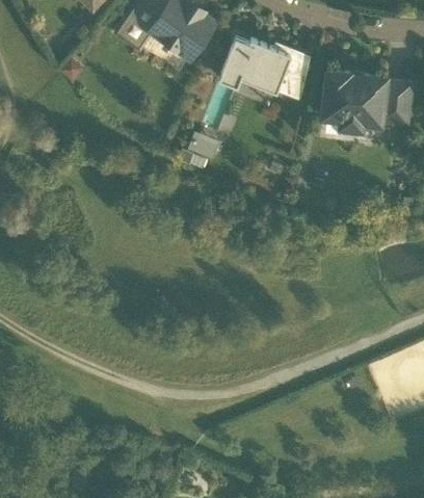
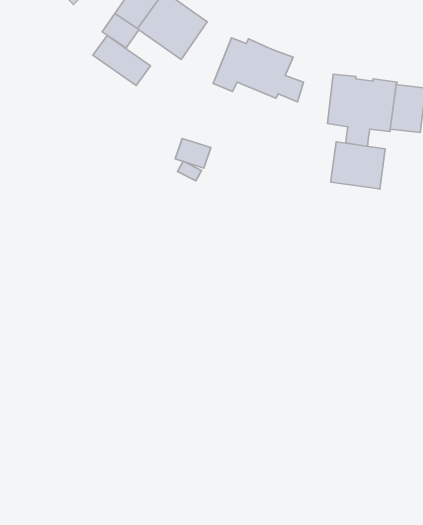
building: none -> [93,35,150,85]
building: [272,42,311,100] -> none
building: none -> [331,142,385,189]

